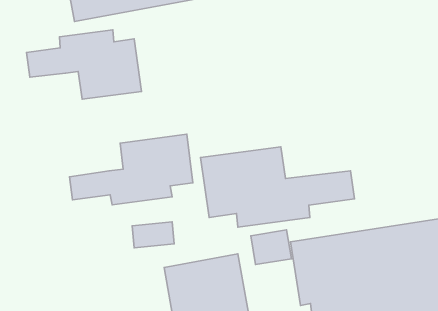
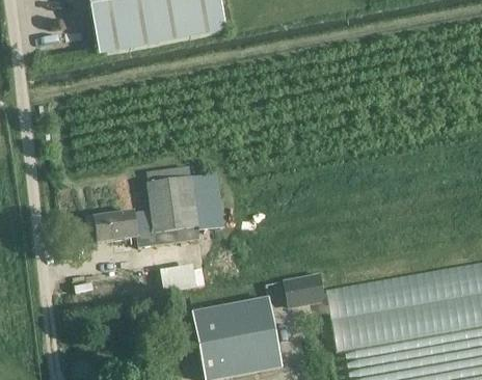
building: [27,30,142,99] -> none
building: [200,147,354,227] -> none

